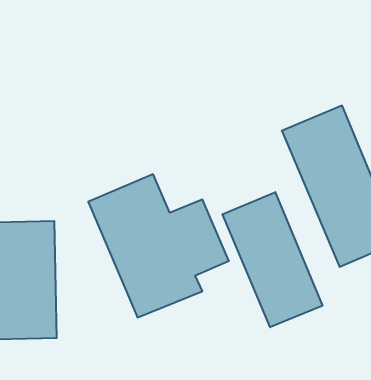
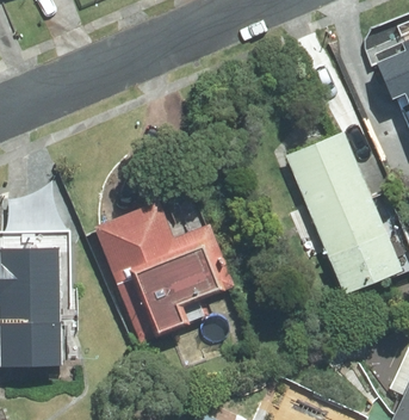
building: [222,192,322,327] -> none

